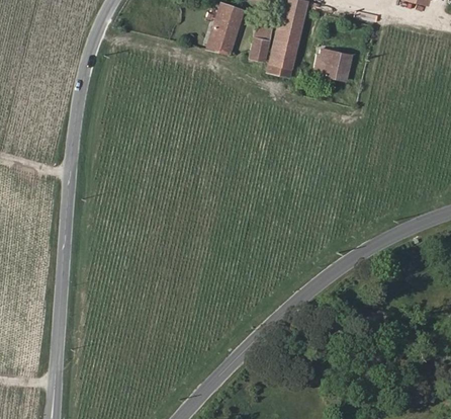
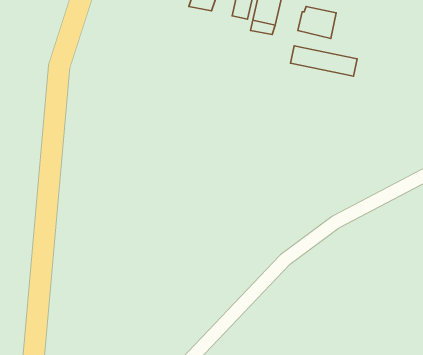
building: none -> [290,46,357,76]

